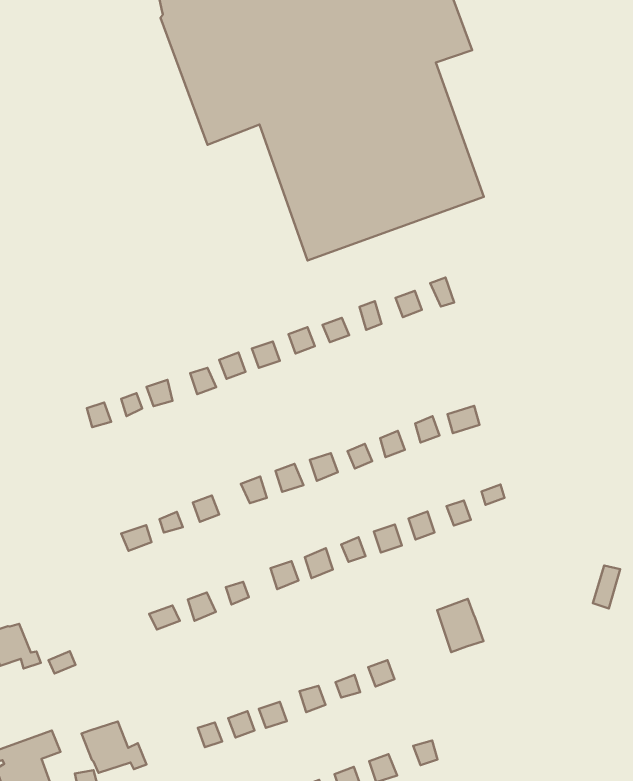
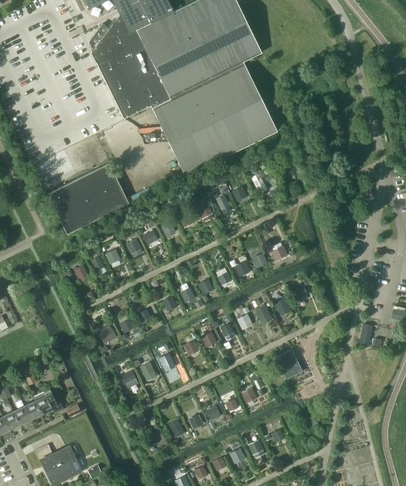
building: none -> [50,163,129,232]
building: [82,722,146,773] -> none

